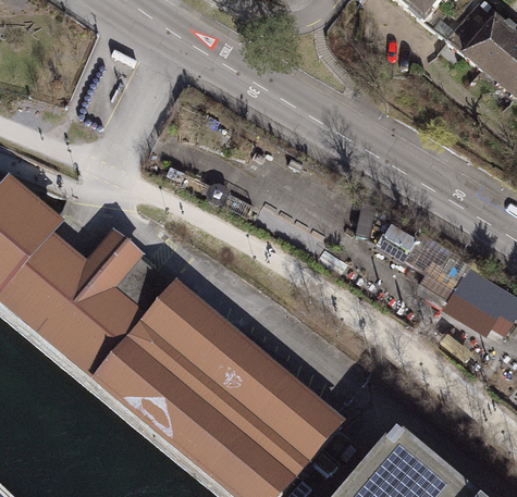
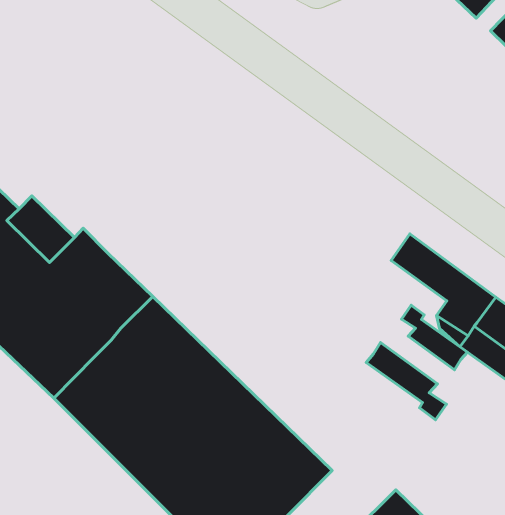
building: none -> [402,305,467,370]
building: none -> [366,343,446,420]

